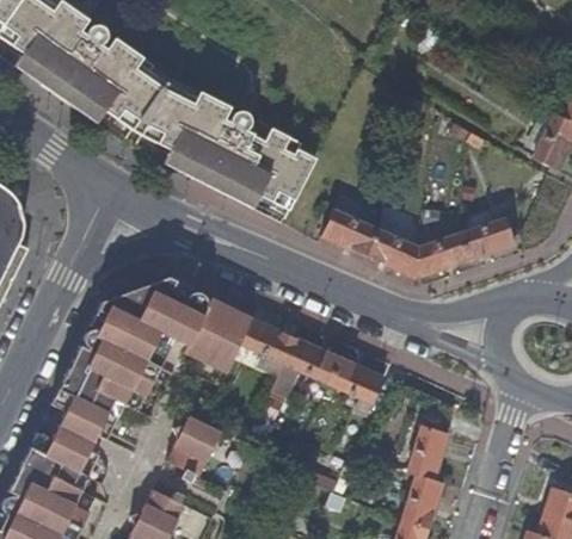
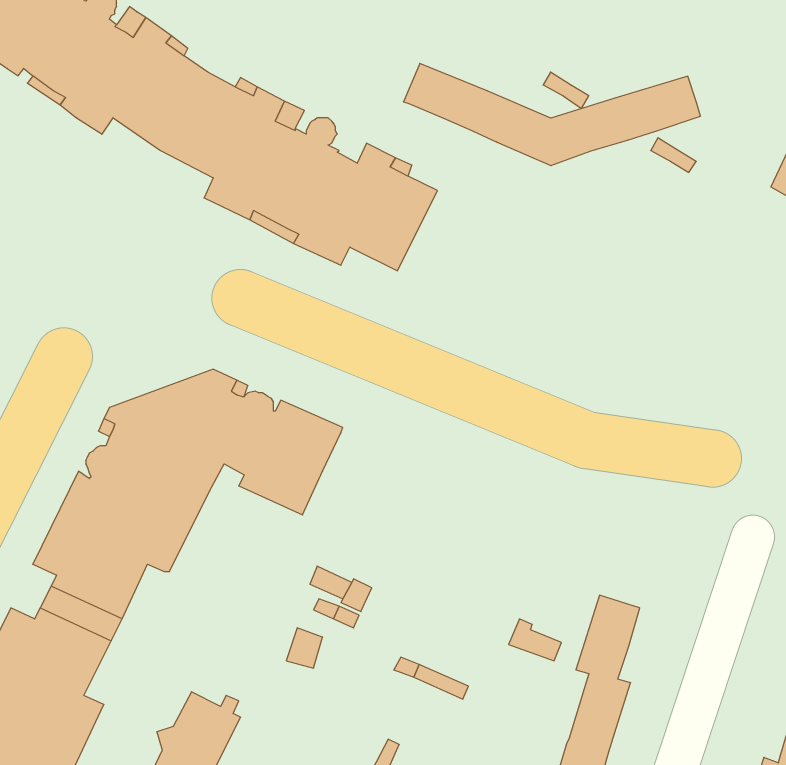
building: [321,210,516,277] -> [403,63,700,166]
building: [240,318,385,417] -> none
building: [167,416,221,482] -> none

